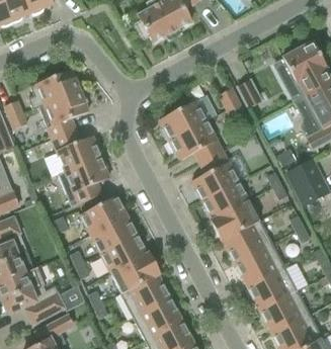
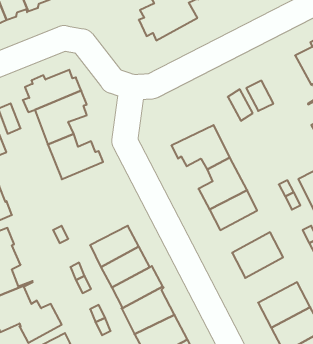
building: [160,97,206,140] -> none
building: [59,155,109,205] -> none
building: [81,195,127,233] -> none
building: [211,200,259,241] -> none
building: [236,244,284,286] -> none

